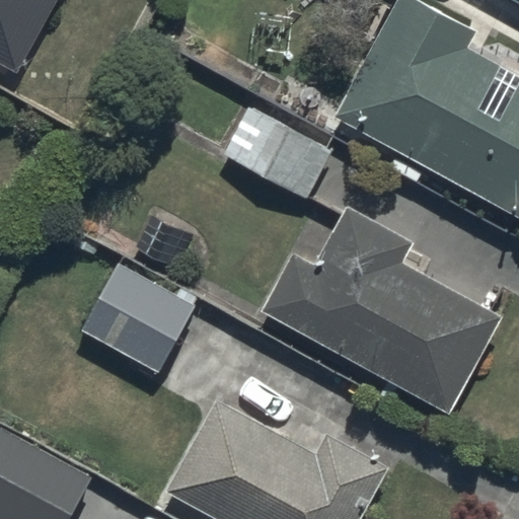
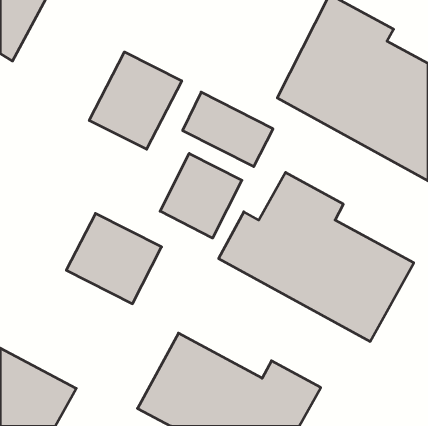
building: none -> [89,52,182,149]
building: none -> [160,153,242,238]

